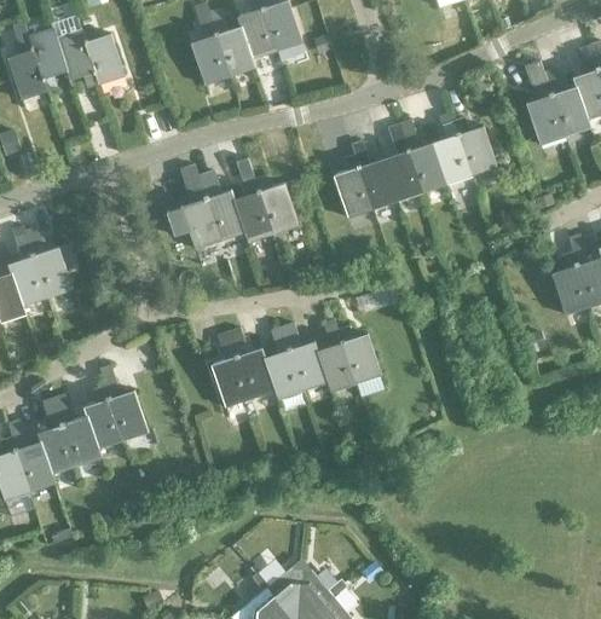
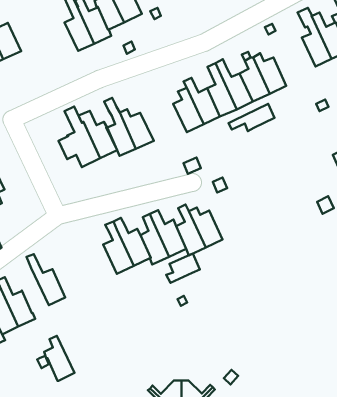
building: none -> [229,104,275,131]
building: [83,386,123,450] -> [44,336,75,381]
building: none -> [166,254,200,283]

